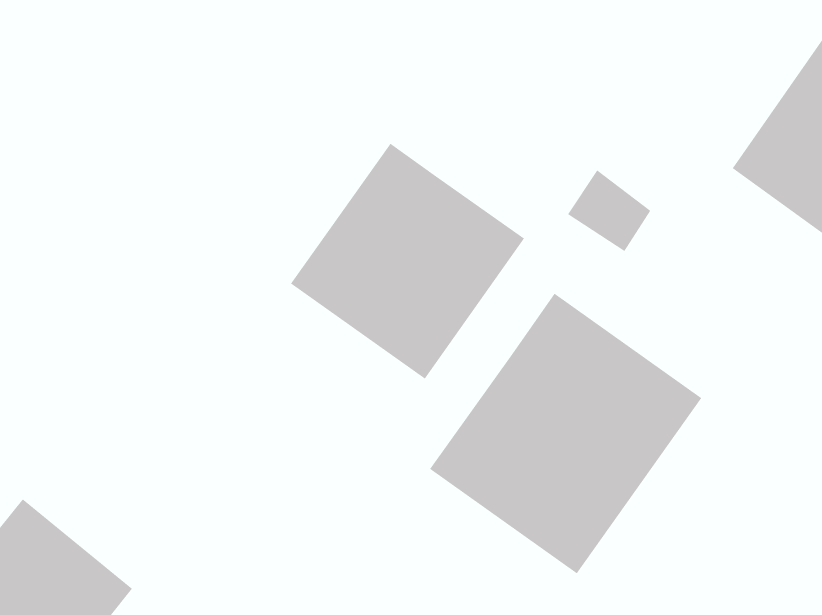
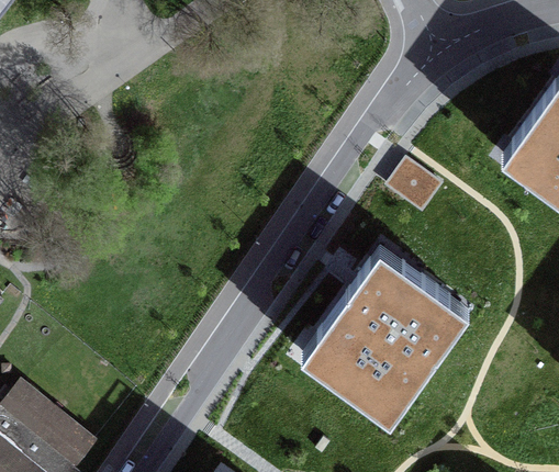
building: [290,143,525,379] -> none

